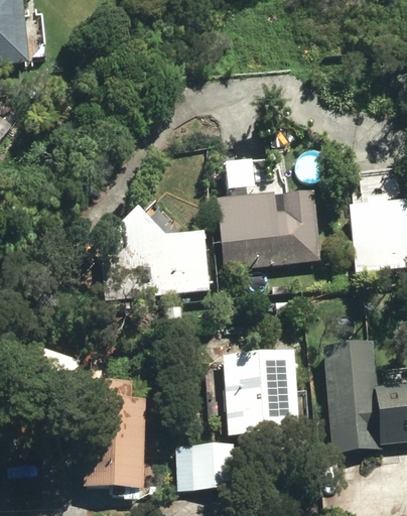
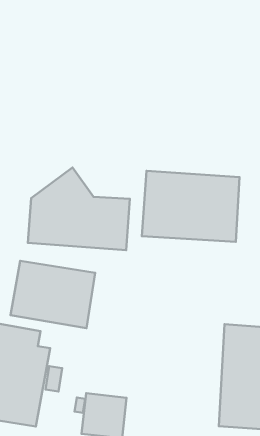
building: none -> [11,261,95,328]
building: [224,354,299,434] -> none

